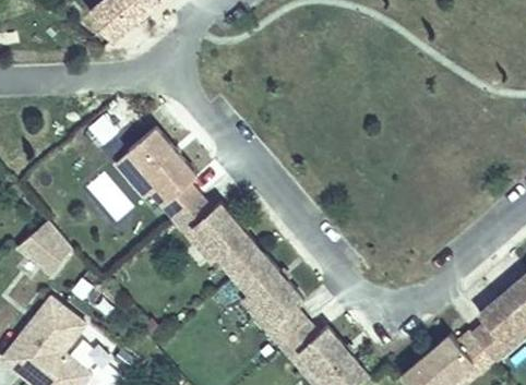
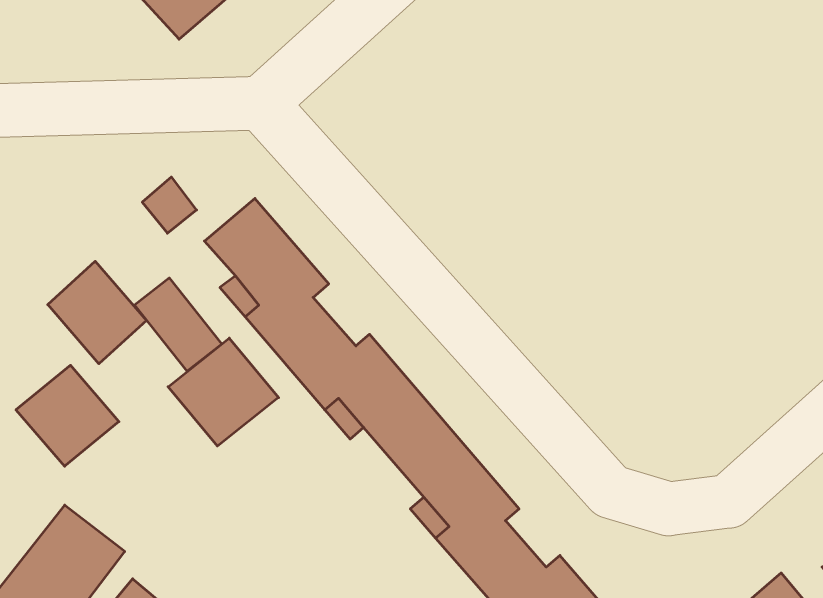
building: none -> [48,261,146,364]
building: none -> [168,338,279,446]

